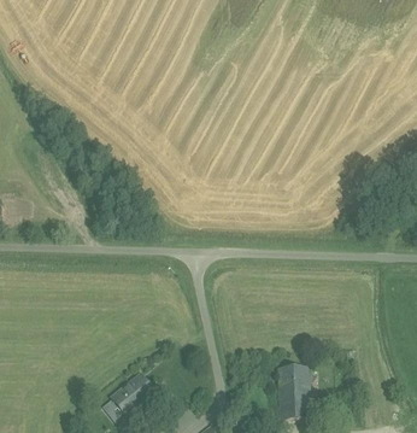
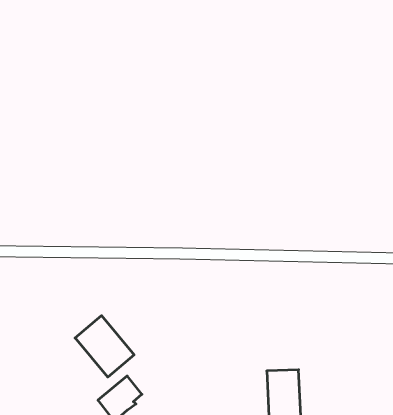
building: none -> [75,316,134,377]

